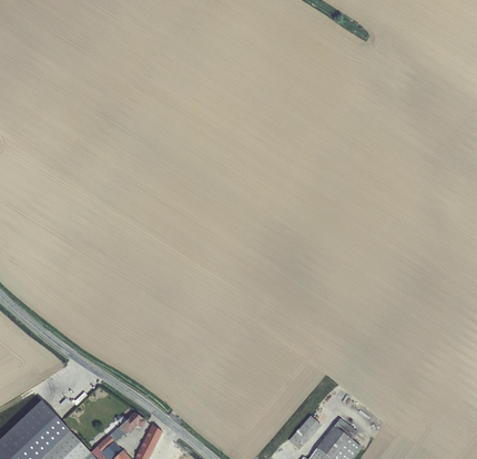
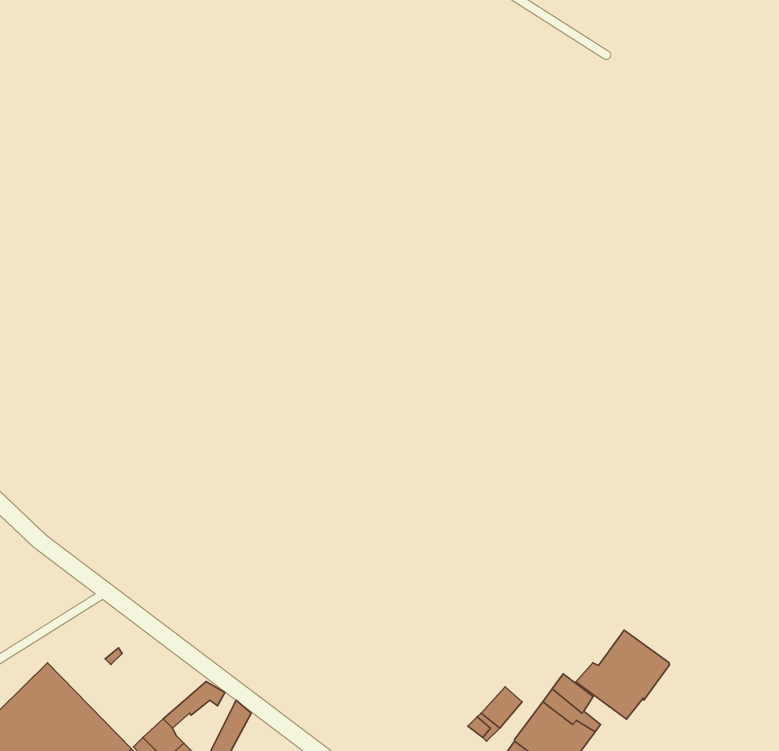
building: none -> [576,630,670,719]

